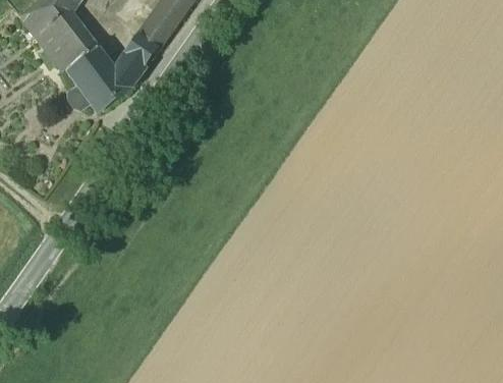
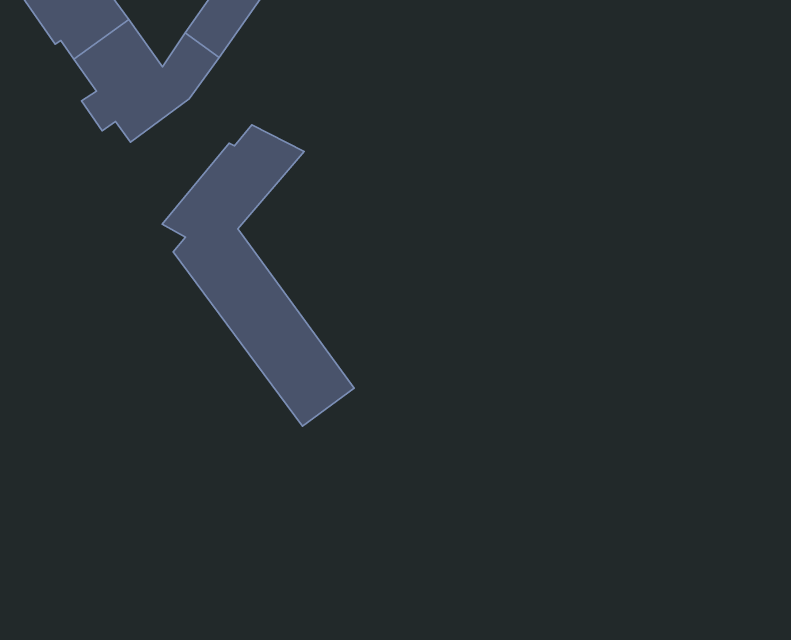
building: none -> [162,125,354,426]

